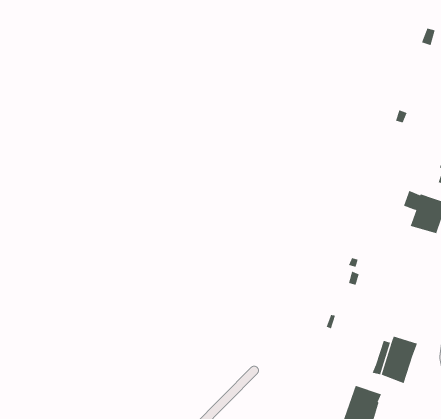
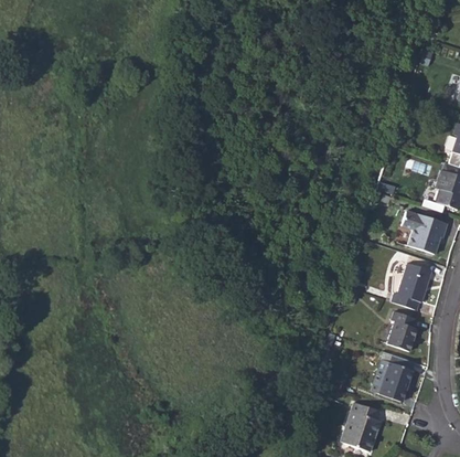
building: none -> [397,262,432,301]
building: none -> [387,310,418,350]

